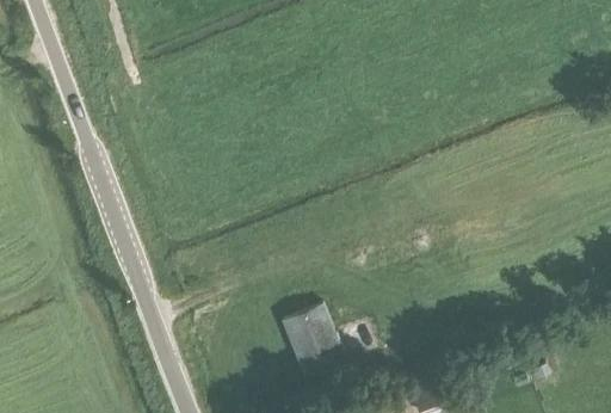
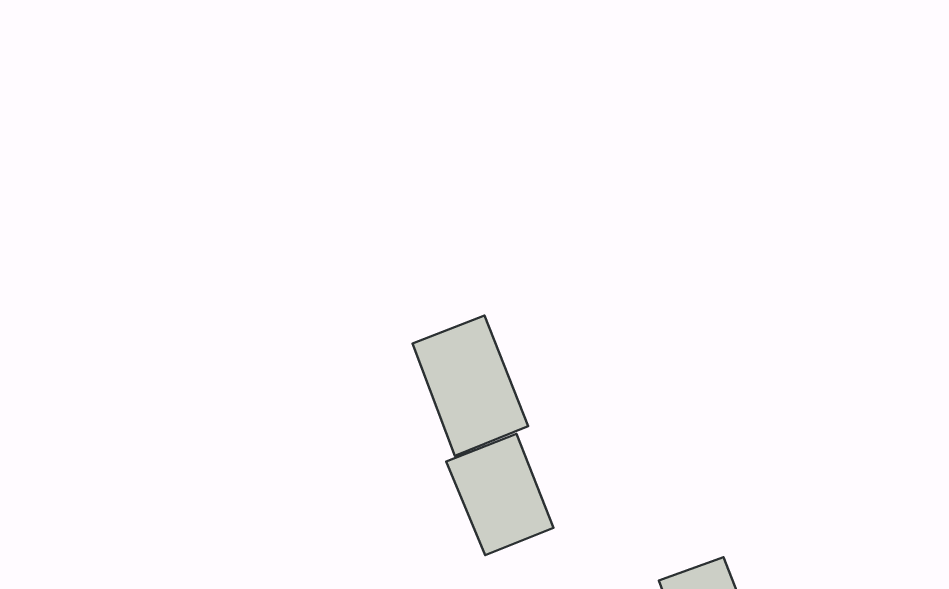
building: none -> [413,315,528,456]

